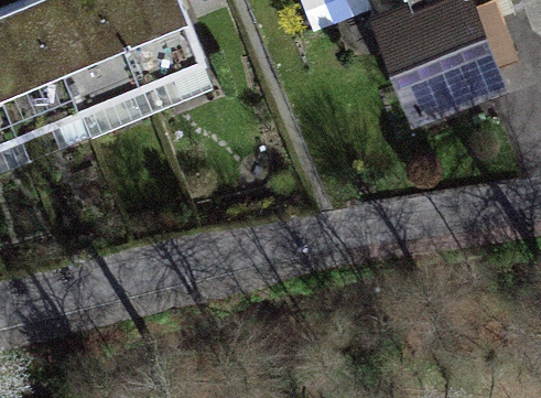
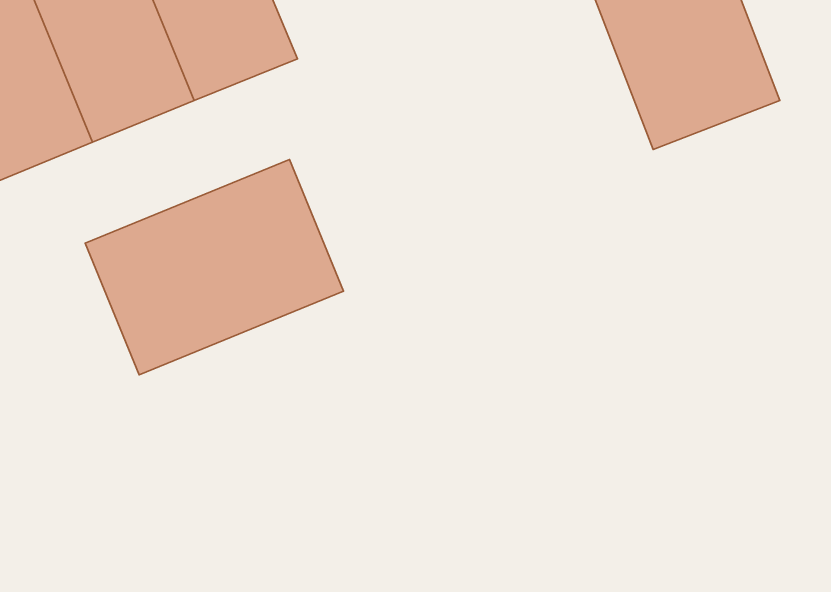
building: none -> [85,160,343,375]

